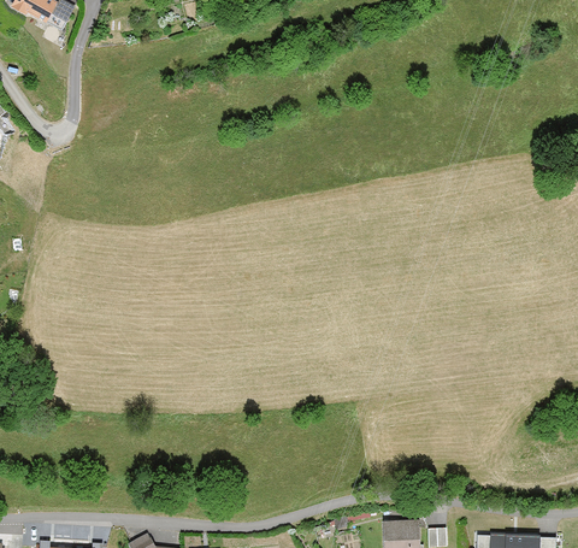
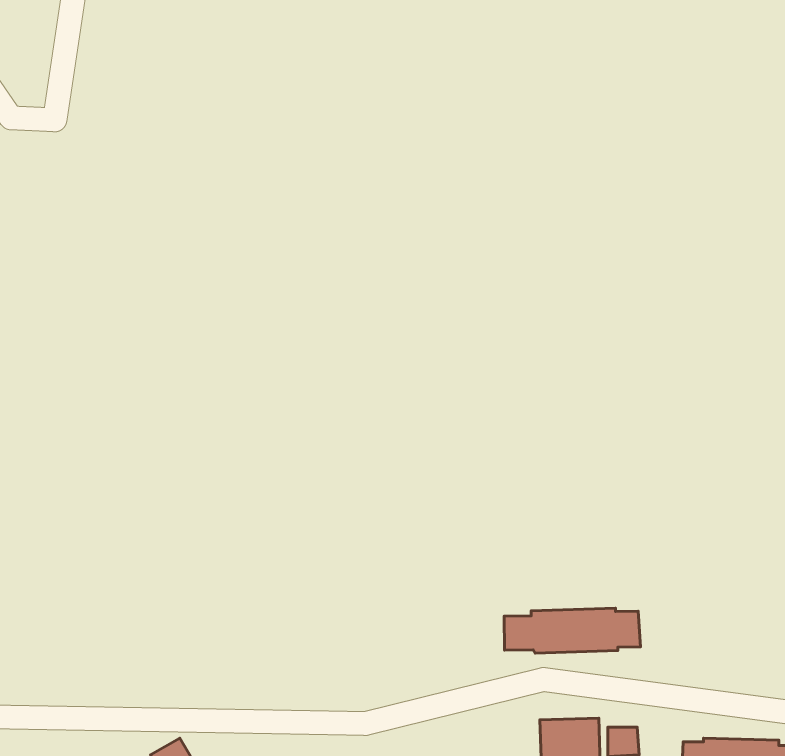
building: none -> [504,608,640,653]

